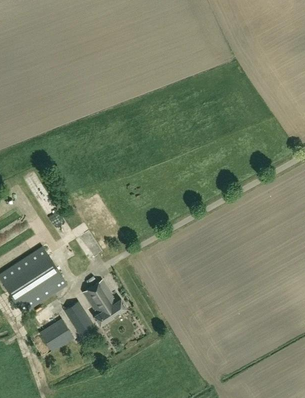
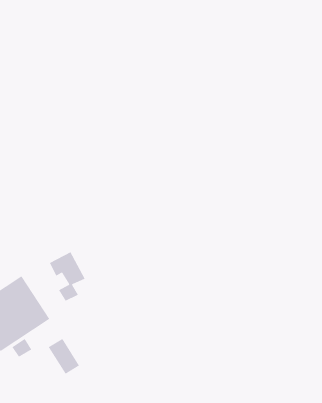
building: [91,279,126,317] -> none
building: [39,318,73,352] -> none

